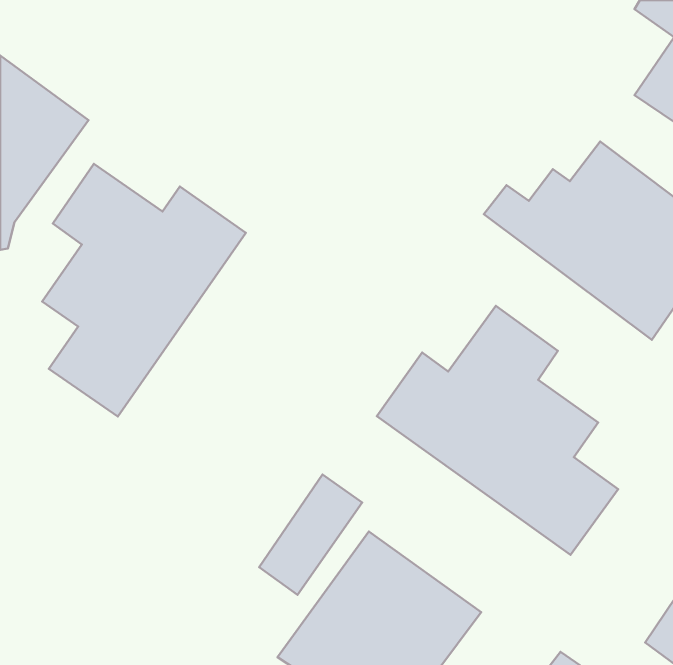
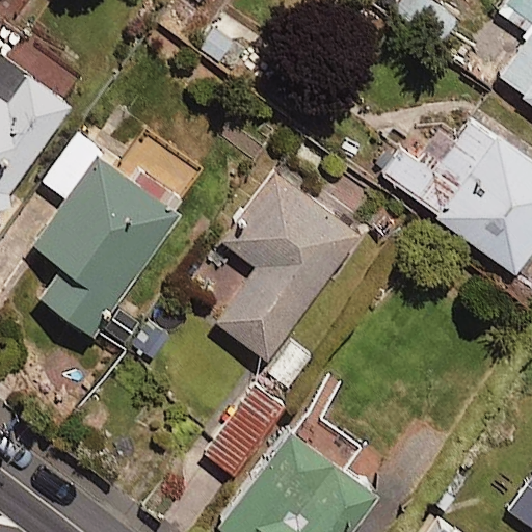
building: none -> [218,170,360,361]
building: [377,306,618,555] -> none

